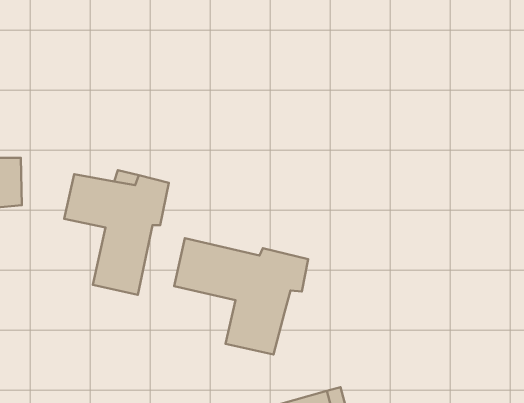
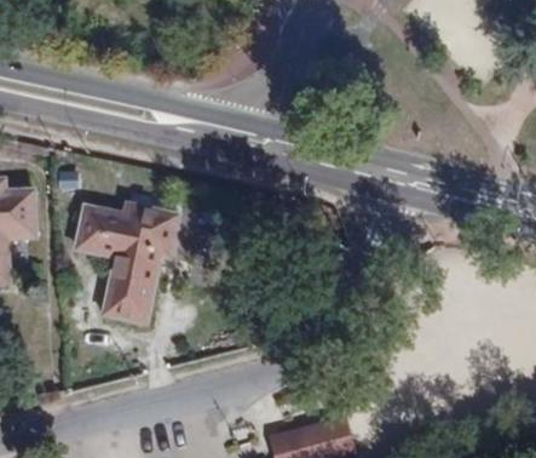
building: [174,238,308,355] -> none

